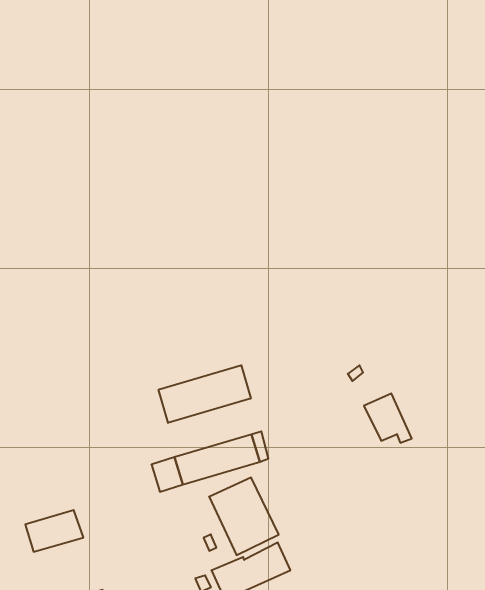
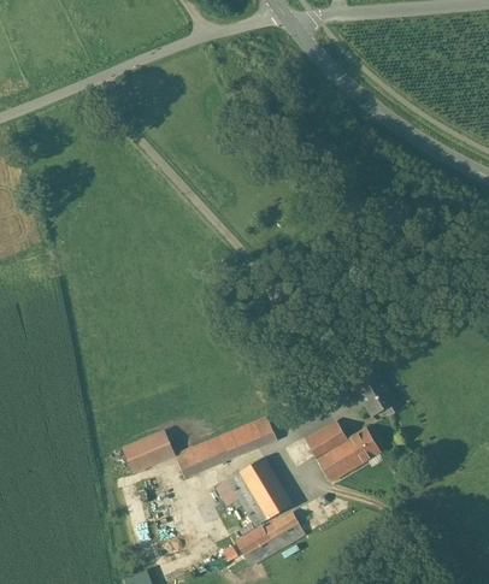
building: [159,365,251,423] -> none
building: none -> [305,423,381,482]
building: [25,510,83,552] -> [123,432,175,472]

